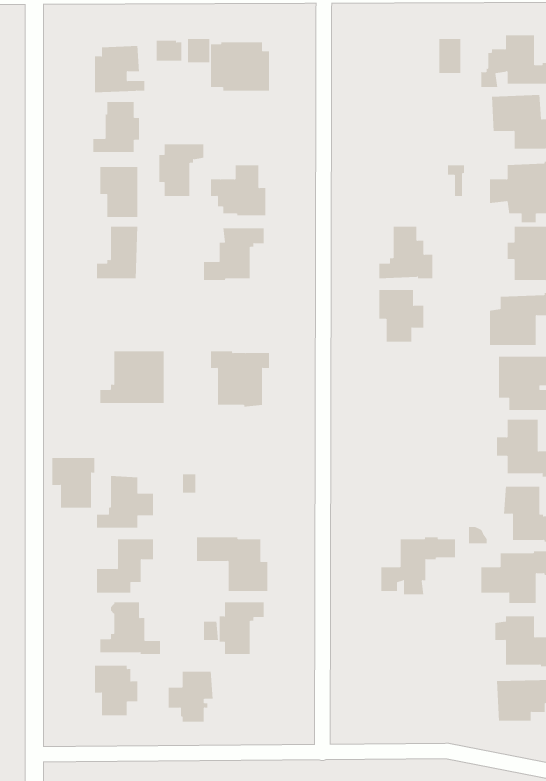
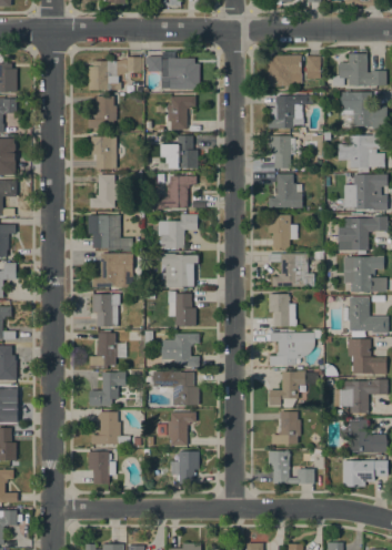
building: none -> [267,54,301,86]
building: none -> [267,95,312,128]
building: [159,144,204,197] -> [167,96,195,130]
building: none -> [269,135,294,167]
building: none -> [160,214,197,249]
building: none -> [88,215,132,249]
building: none -> [268,253,313,286]
building: none -> [168,292,195,326]
building: none -> [268,294,296,326]
building: [51,457,95,508] -> [91,294,119,326]
building: none -> [269,328,322,365]
building: none -> [161,333,199,367]
building: none -> [271,410,300,444]
building: none -> [268,450,313,483]
building: [168,671,213,722] -> [170,451,199,483]

